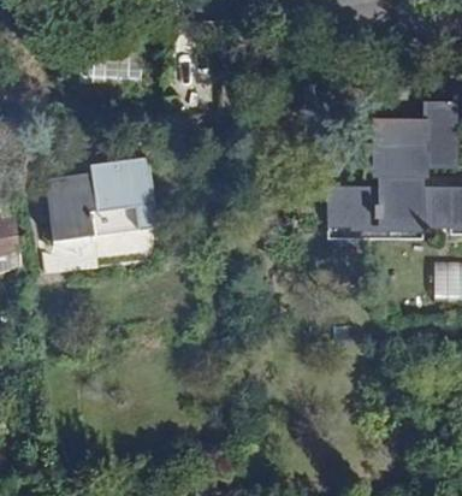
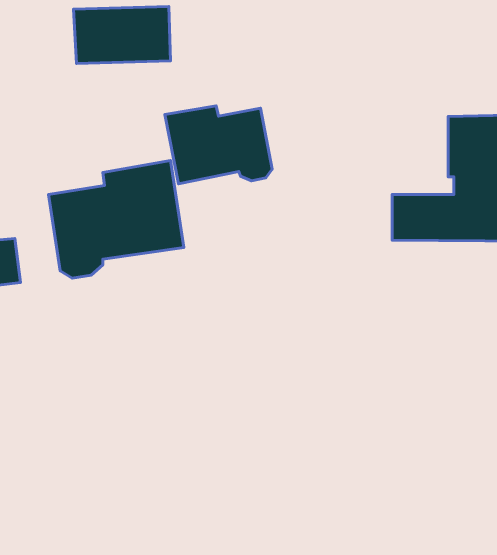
building: none -> [165,106,272,184]

